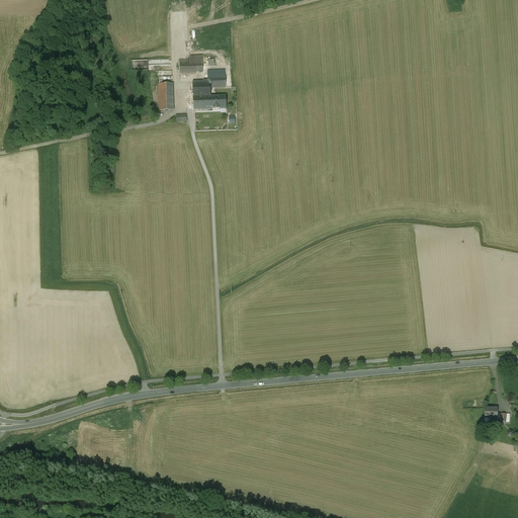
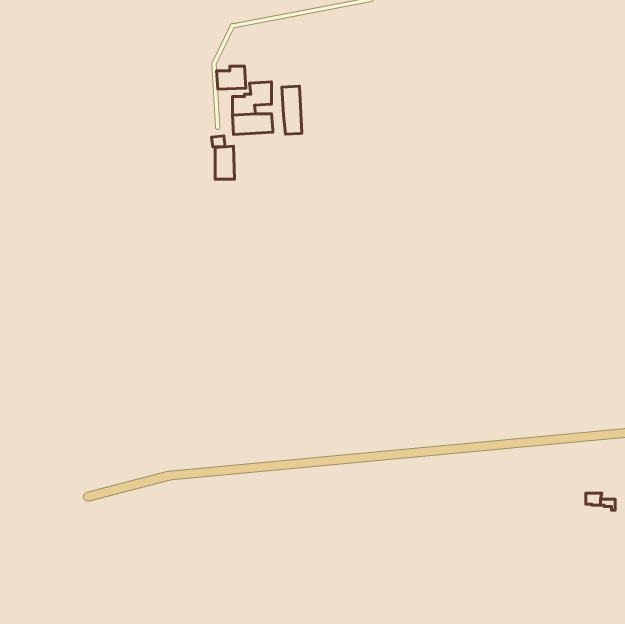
building: none -> [282,86,302,134]
building: [158,83,174,110] -> [215,146,235,179]

